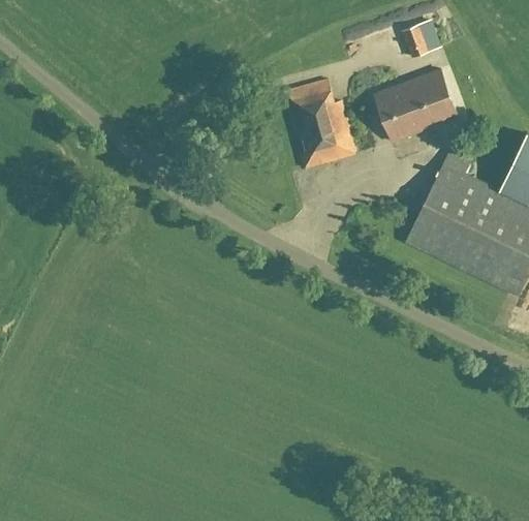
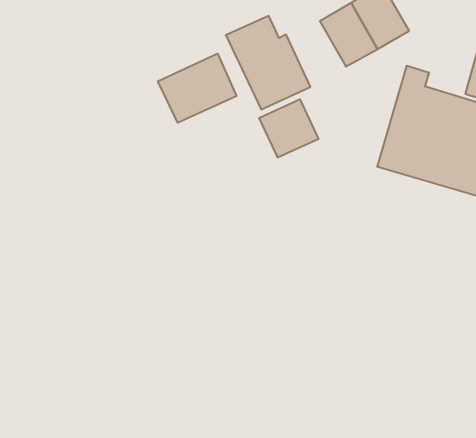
building: none -> [158,54,237,123]
building: none -> [259,99,318,158]

